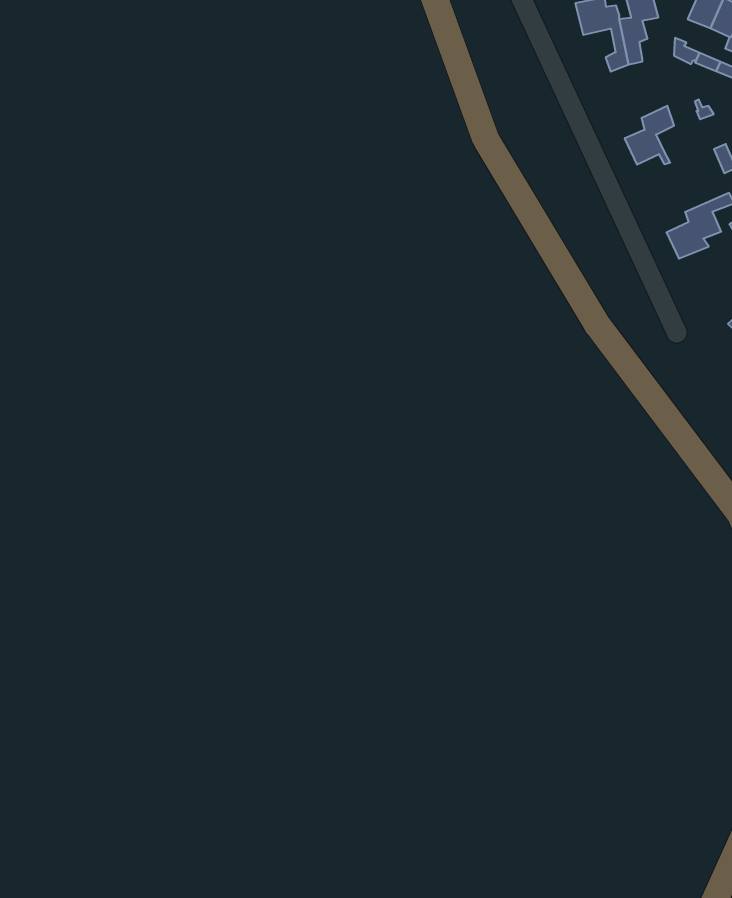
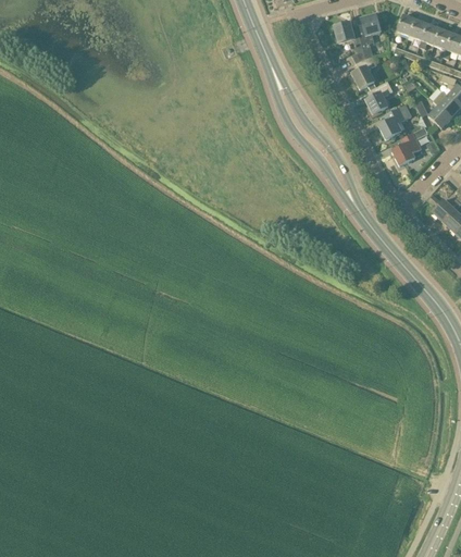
building: none -> [352,55,377,88]
building: none -> [378,103,412,138]

